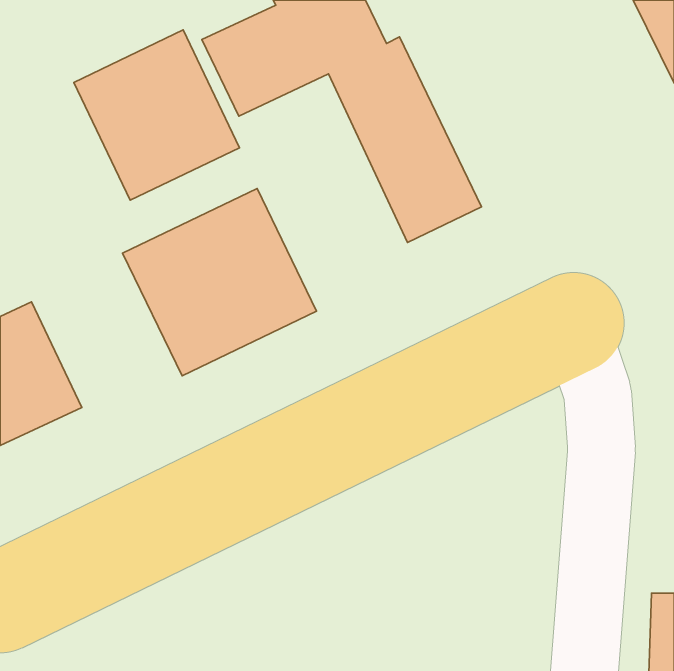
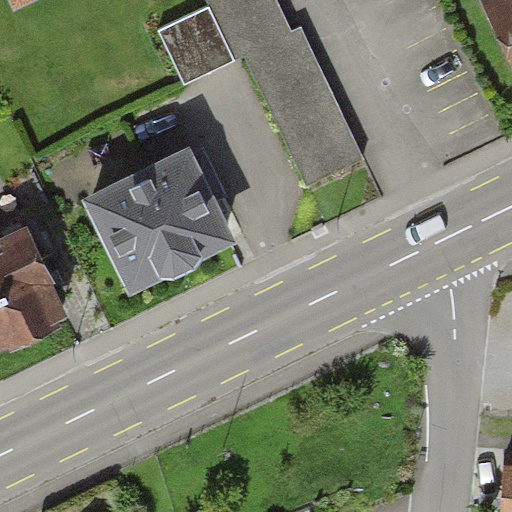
building: [74,30,239,200] -> none

